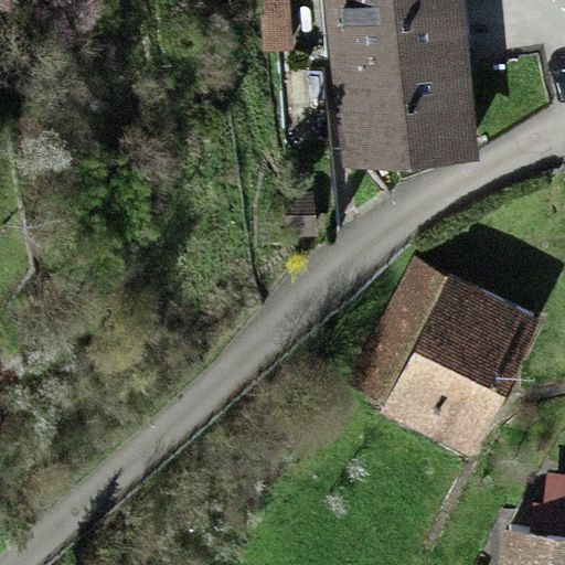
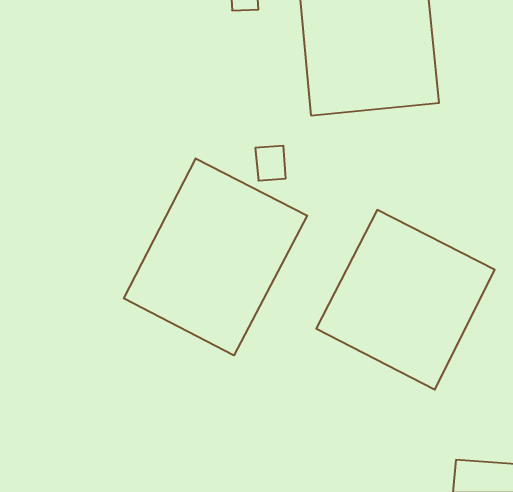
building: none -> [124,158,307,355]

